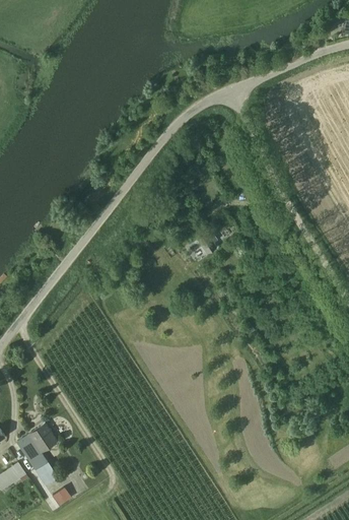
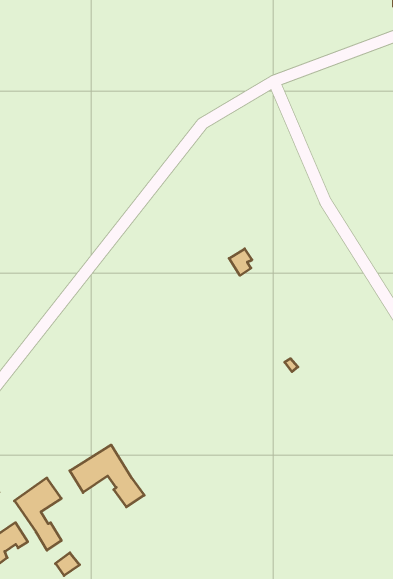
building: none -> [70,445,144,507]

